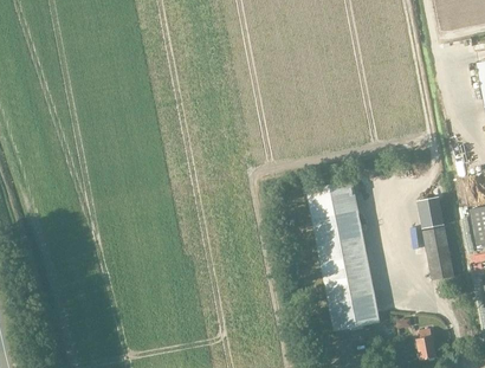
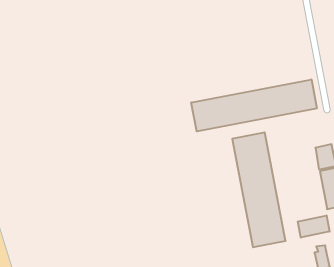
building: none -> [191,79,317,131]
building: none -> [298,215,330,238]

